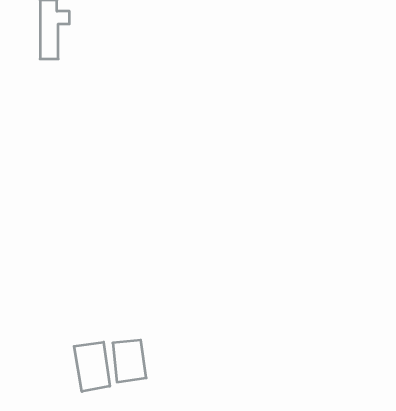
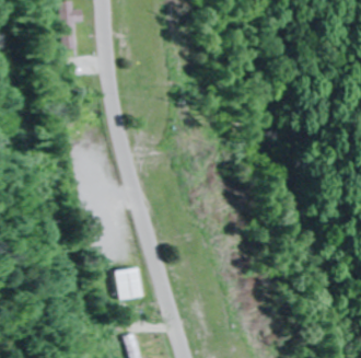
building: [74,342,110,392] -> none

